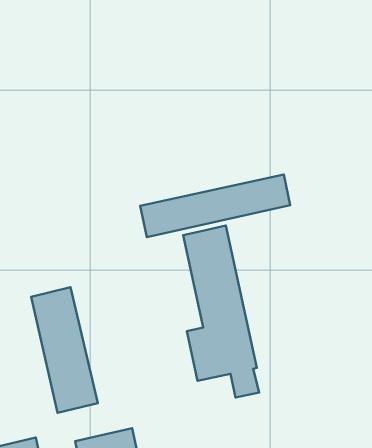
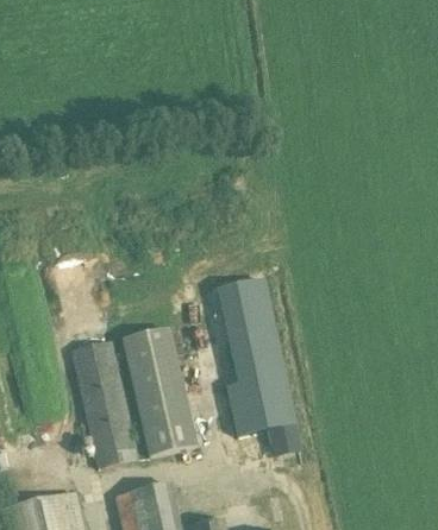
building: [140,175,290,237] -> none
building: none -> [120,328,193,454]

